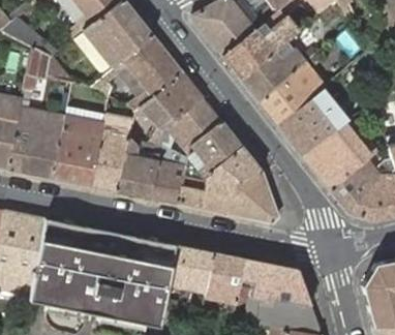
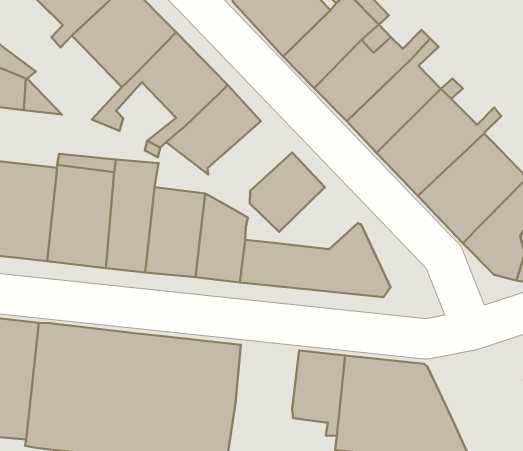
building: [161,98,221,158] -> none
building: [206,146,261,187] -> none
building: [169,245,214,291] -> none

